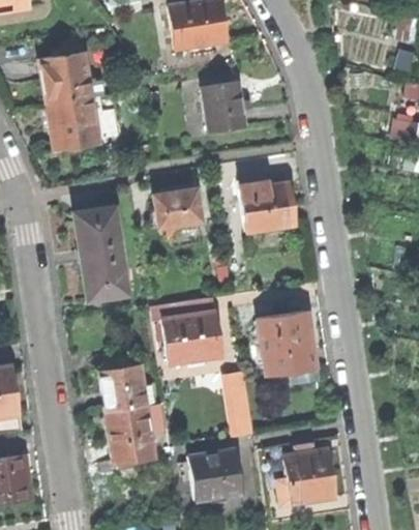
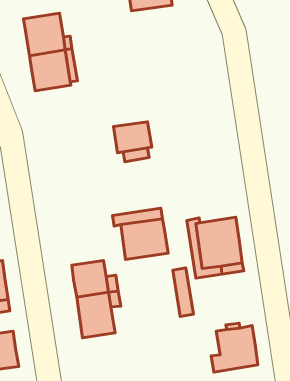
building: [202,81,245,130] -> none
building: [239,177,295,231] -> none
building: [76,207,126,299] -> none
building: [188,448,244,499] -> none

